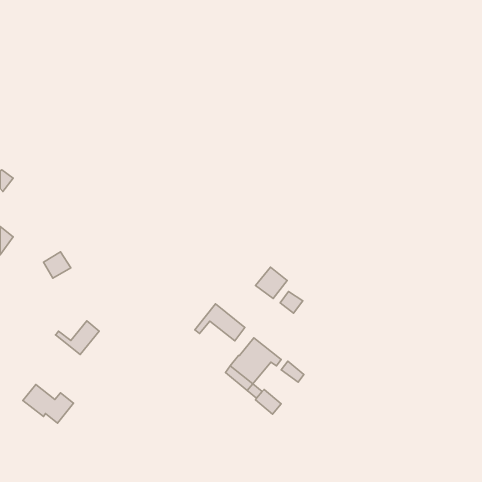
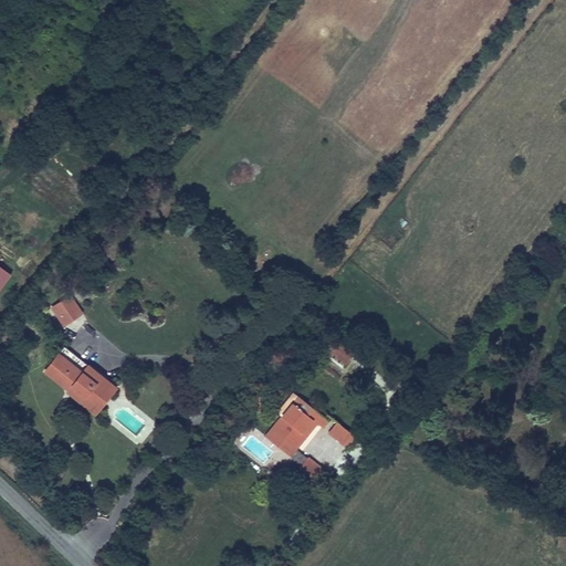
building: [255,267,287,299] -> none
building: [195,304,245,341] -> none
building: [23,384,74,423] -> [42,354,102,399]

